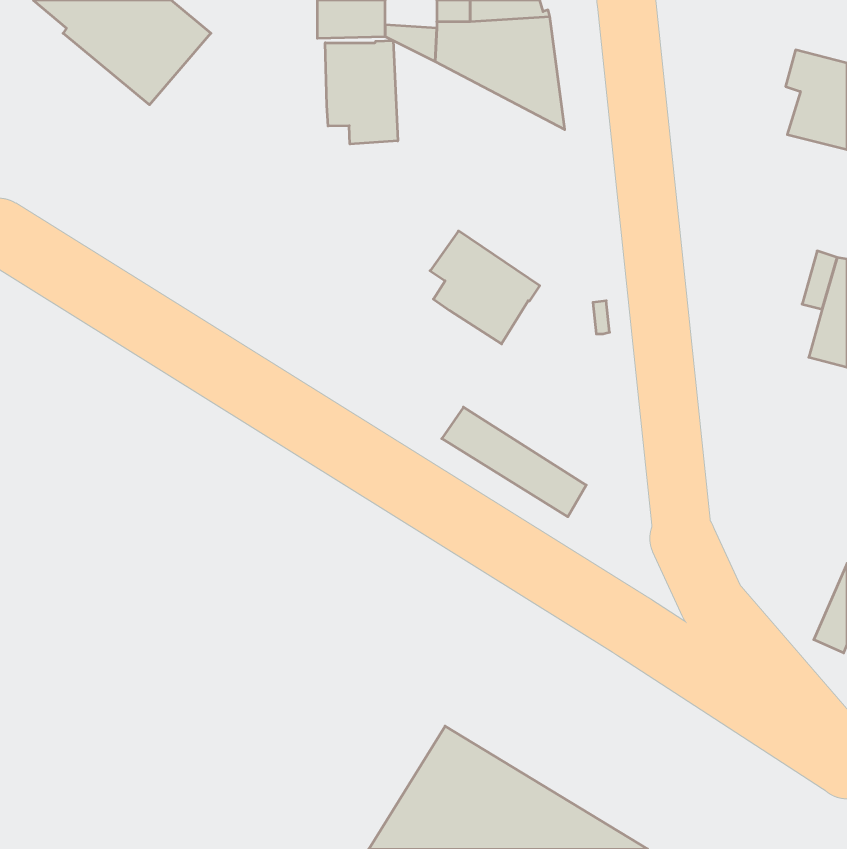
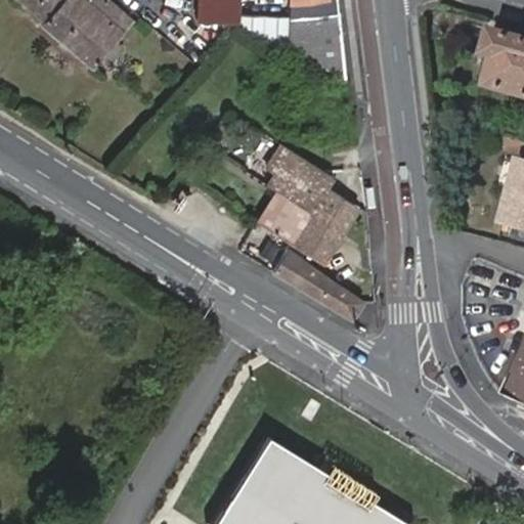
building: [325,41,398,144] -> none
building: none -> [259,185,357,262]

